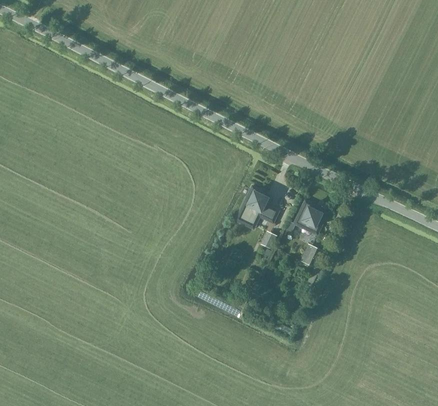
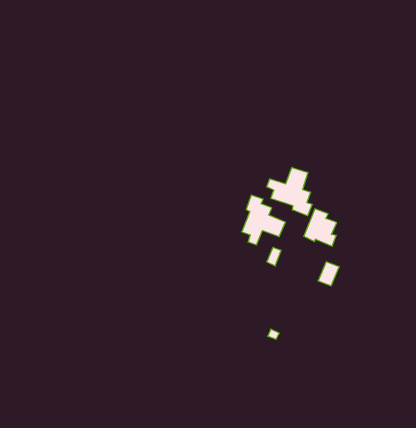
building: none -> [267,167,312,216]

